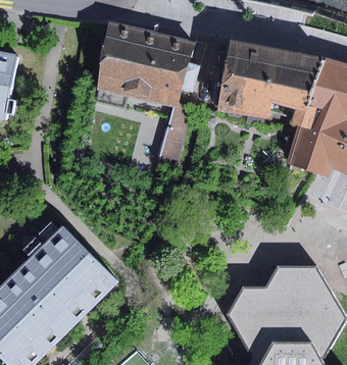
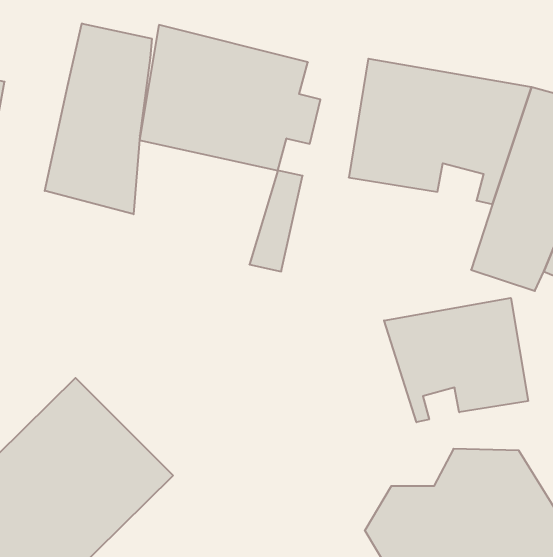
building: none -> [45,23,152,214]
building: none -> [384,298,528,422]

